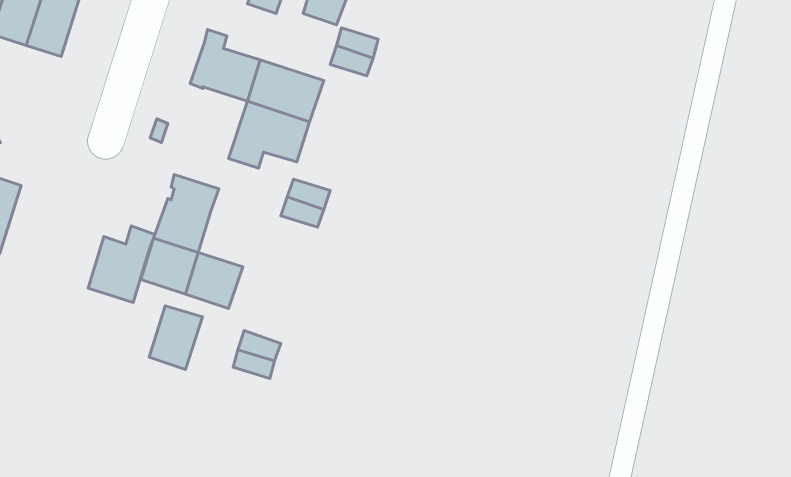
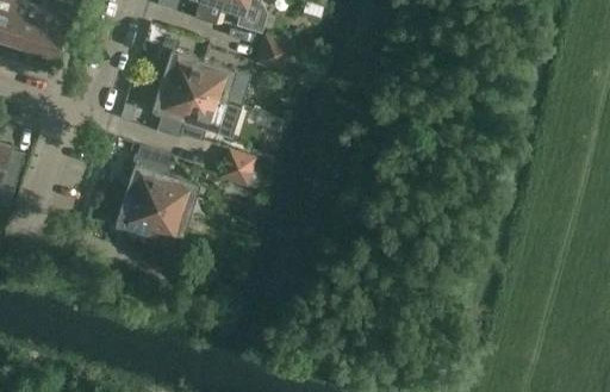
building: none -> [150,80,193,138]
building: none -> [156,173,199,214]
building: [88,226,155,302] -> none
building: [149,306,203,370] -> none

